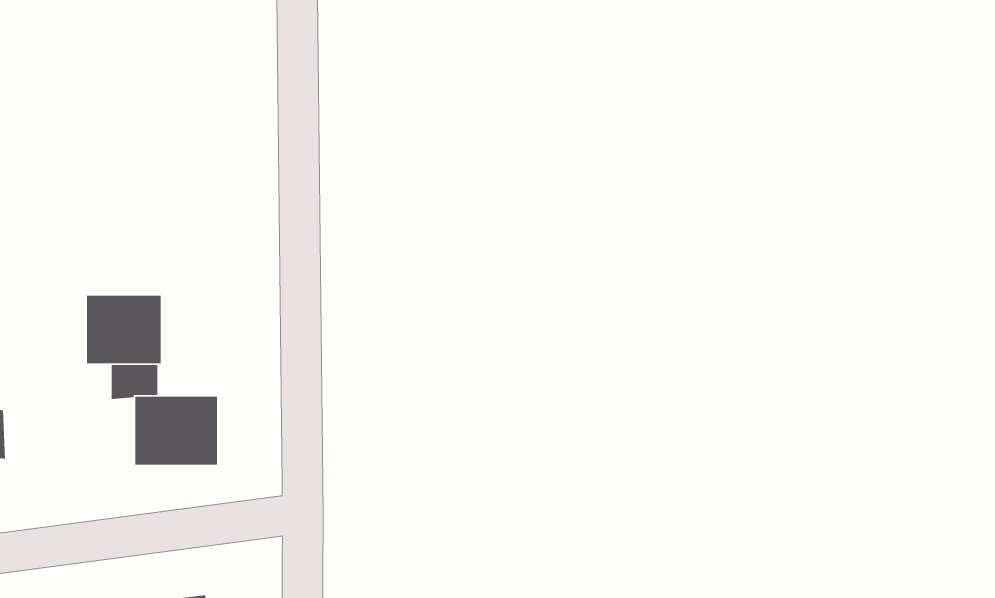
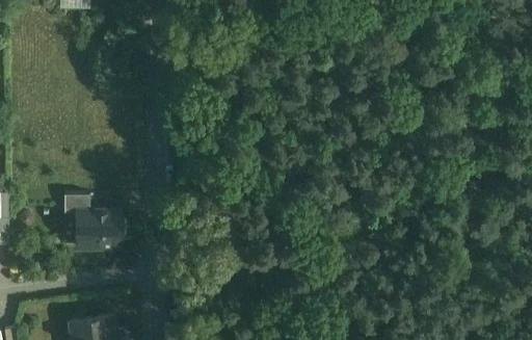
building: [86,295,161,364] -> none

